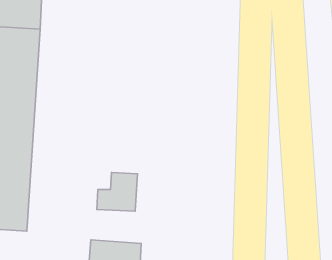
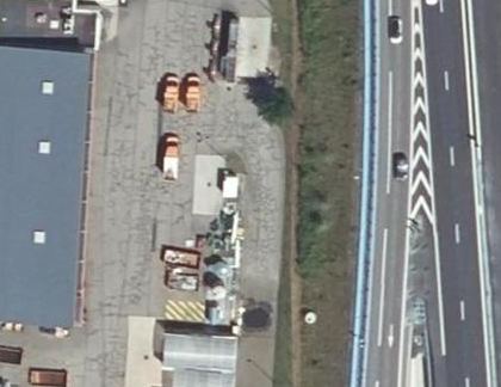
building: [97,172,137,211] -> none

